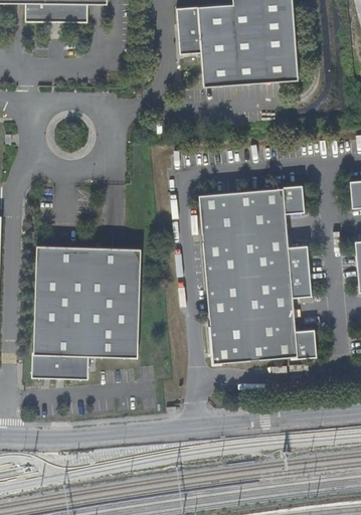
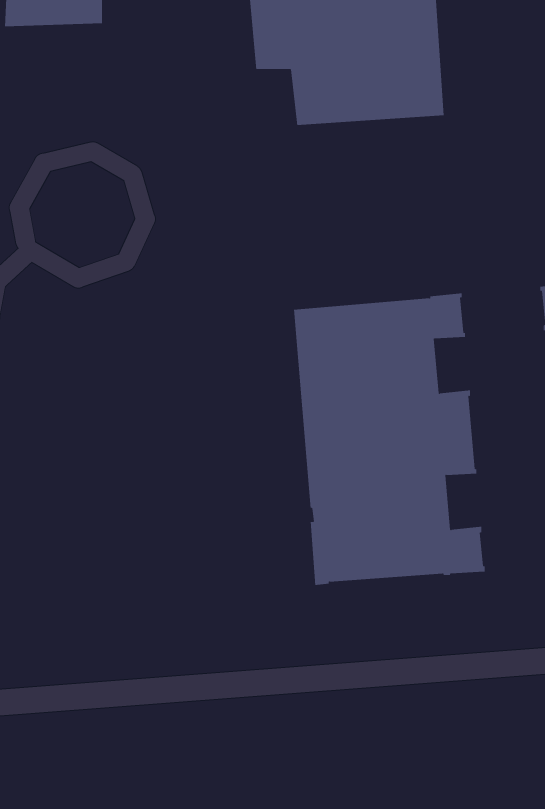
building: [31,245,141,379] -> none

